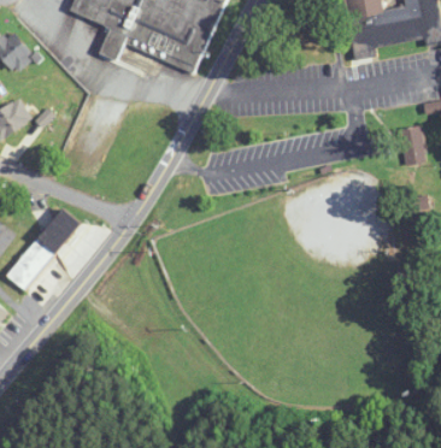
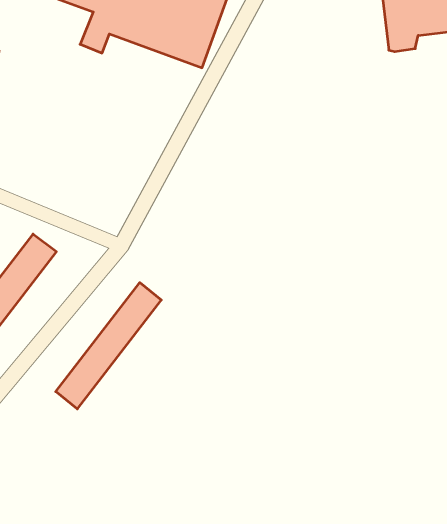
building: none -> [56,283,161,409]

